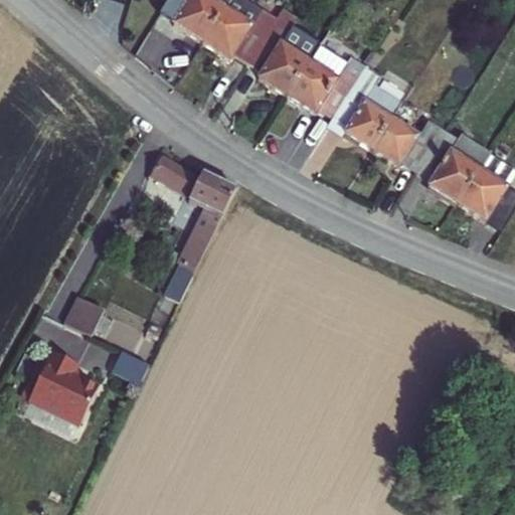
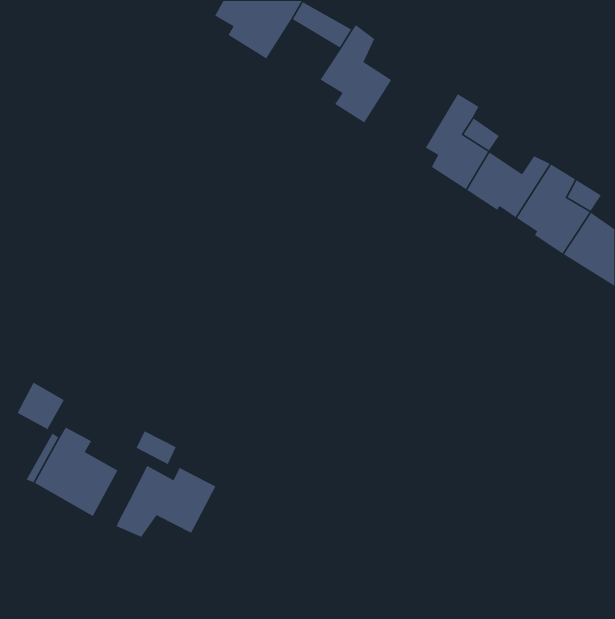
building: [221,16,283,66] -> none
building: [303,52,380,123] -> none
building: [144,153,232,306] -> none
building: [63,297,104,337] -> [16,382,65,430]
building: none -> [116,465,216,538]

